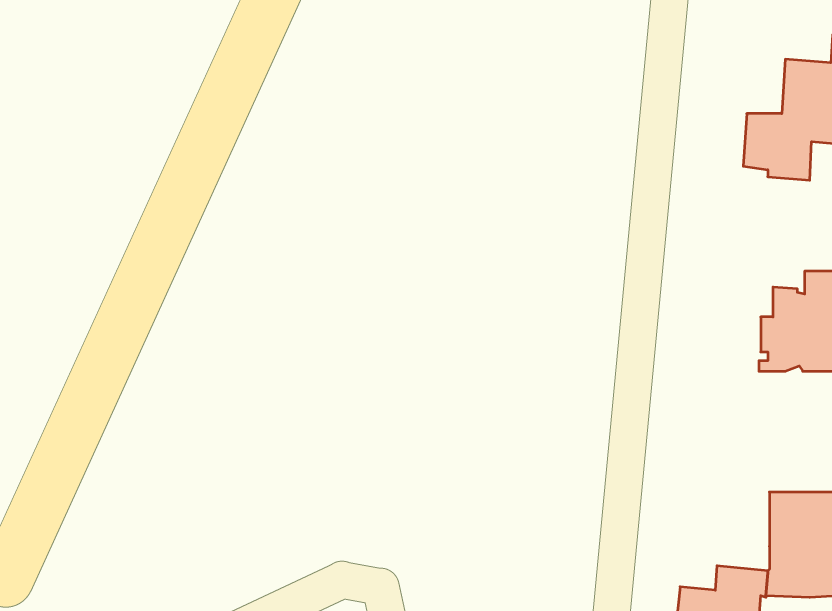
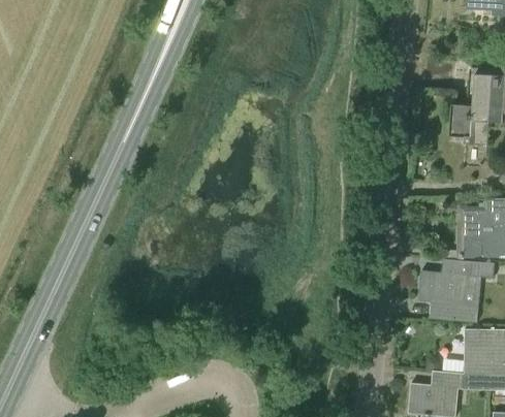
building: none -> [418,259,494,322]

